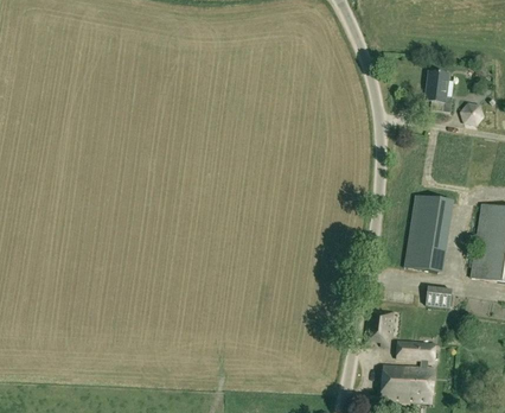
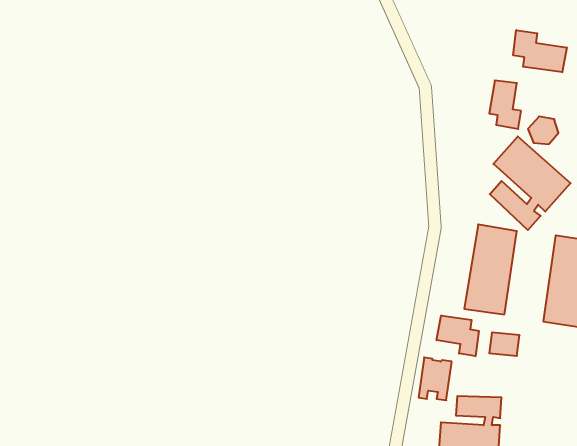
building: none -> [513,30,567,72]
building: none -> [490,136,571,230]
building: none -> [437,315,479,356]

